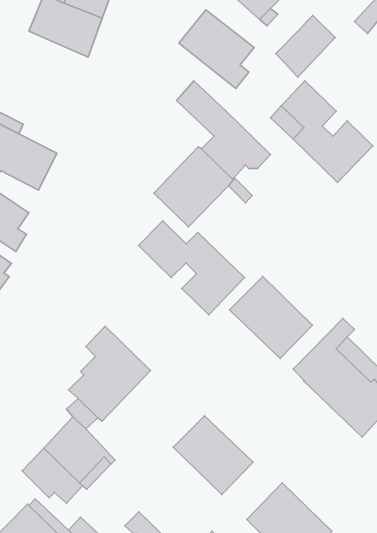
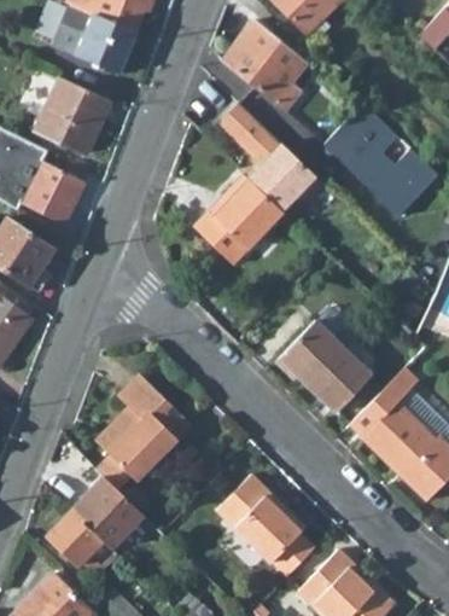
building: [276,16,335,77] -> none
building: none -> [33,76,111,156]
building: [138,221,245,315] -> none

